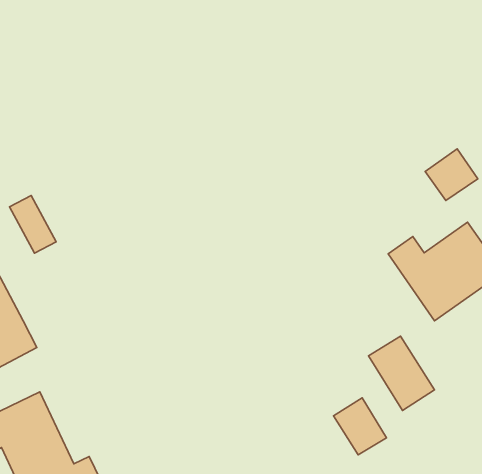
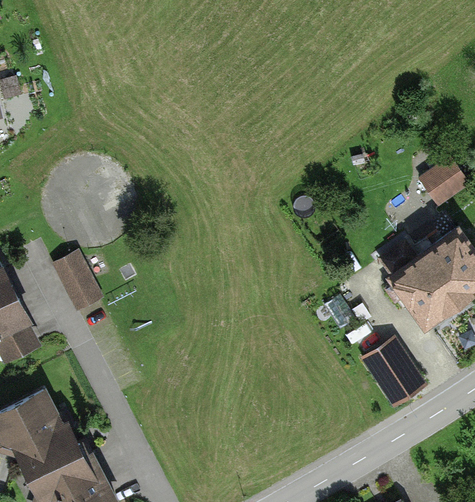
building: [10,196,56,253] -> [60,254,105,310]
building: [333,398,387,455] -> none

